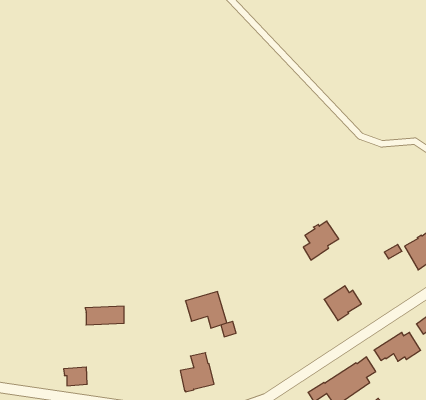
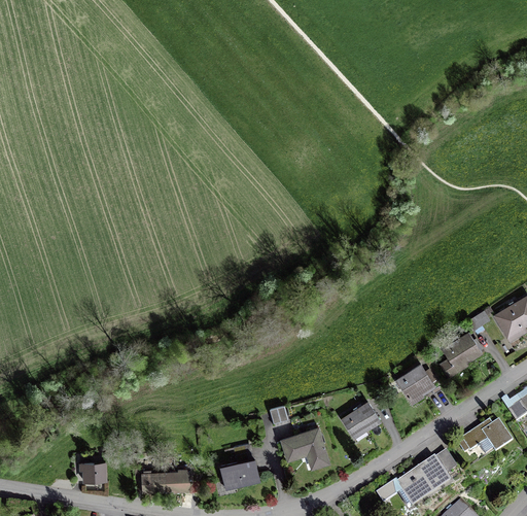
building: [303,221,339,260] -> [440,331,483,378]
building: [185,292,227,328] -> [280,425,330,470]
building: [85,306,124,325] -> [142,470,189,492]
building: none -> [341,400,382,438]

